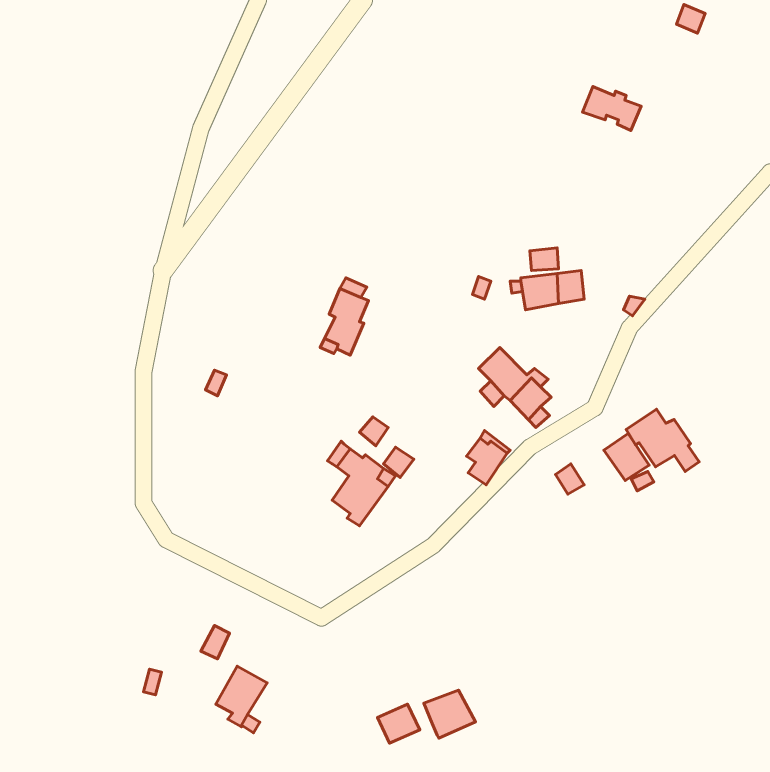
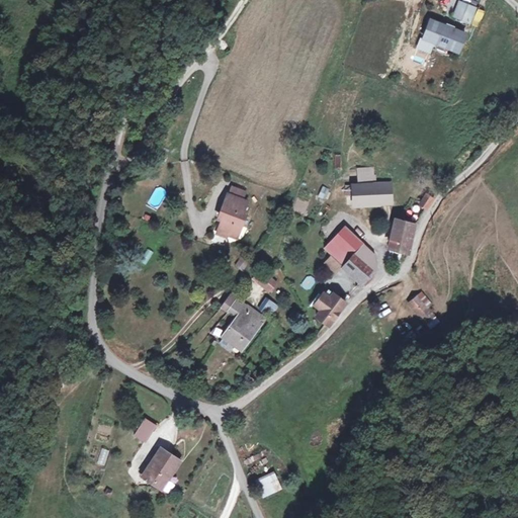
building: [582,87,641,130] -> [424,21,463,51]
building: none -> [390,219,413,249]
building: [626,409,699,472] -> none
building: [424,690,475,738] -> none

